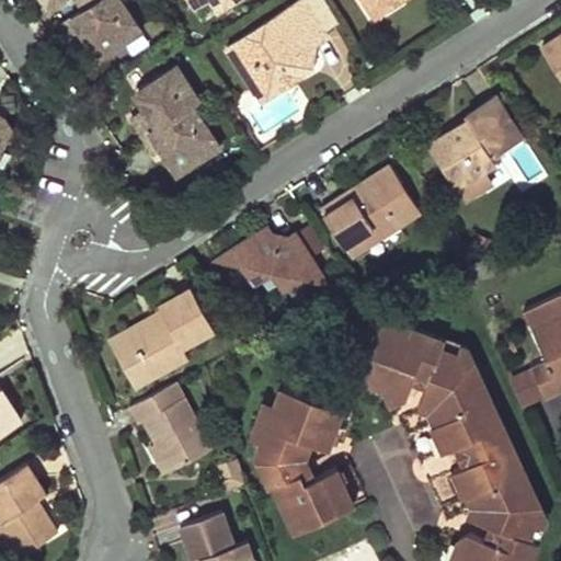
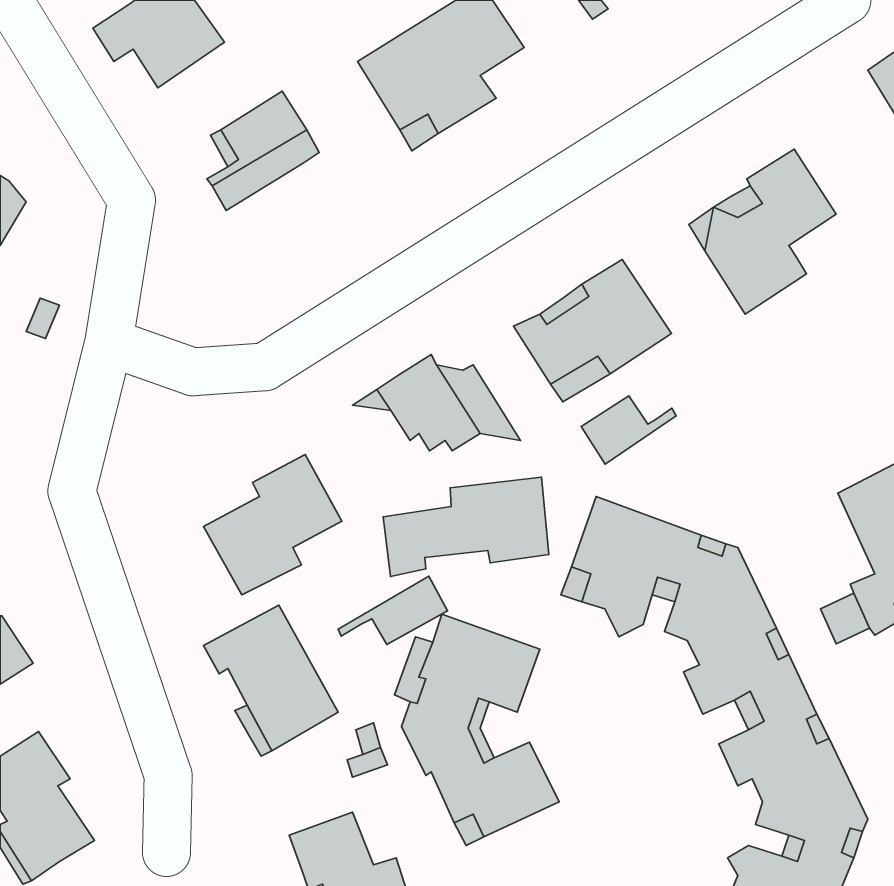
building: [142,108,218,174] -> none
building: none -> [581,396,676,464]
building: none -> [383,477,549,577]
building: [106,308,163,388] -> none
building: none -> [338,576,448,644]

